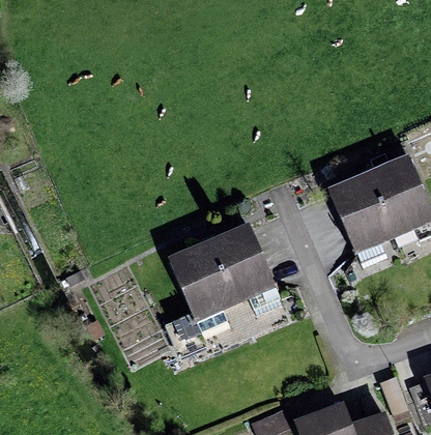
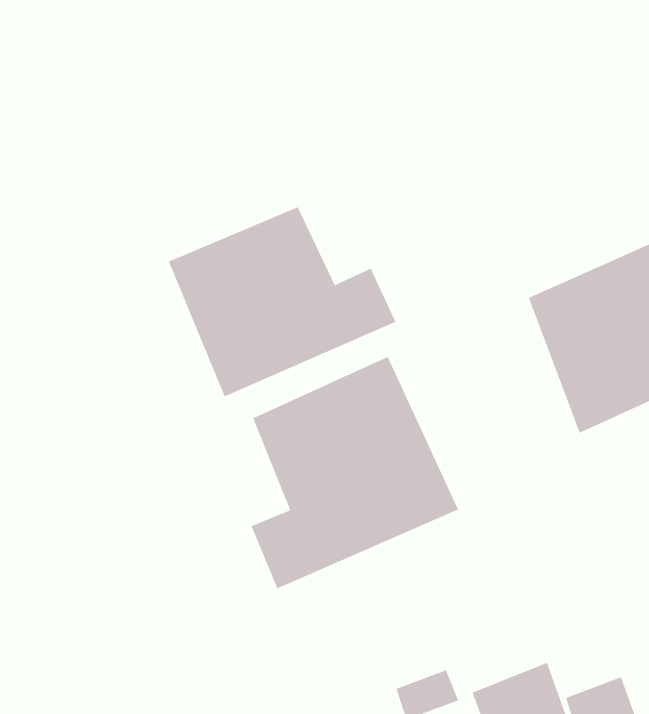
building: none -> [168,206,396,398]

